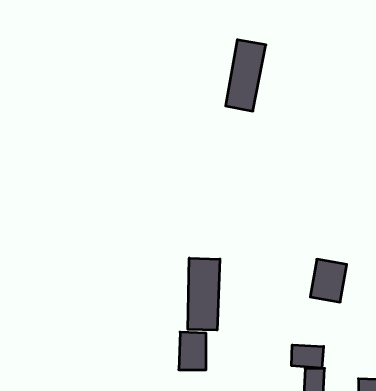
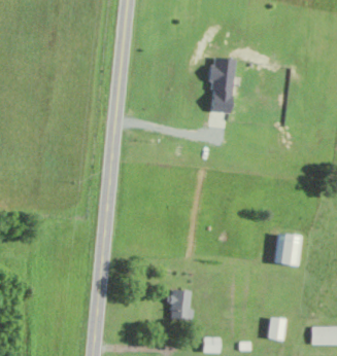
building: [188,258,220,330] -> none
building: [292,345,324,368] -> none

